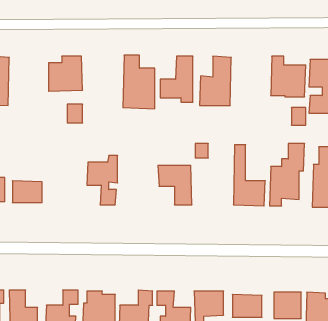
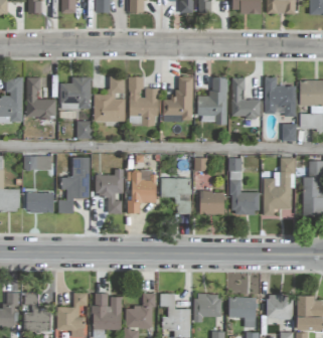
building: none -> [93,76,125,122]
building: none -> [25,77,55,118]
building: none -> [230,78,260,118]
building: none -> [23,156,51,170]
building: none -> [57,157,90,213]
building: none -> [127,171,156,213]
building: none -> [199,191,224,215]

